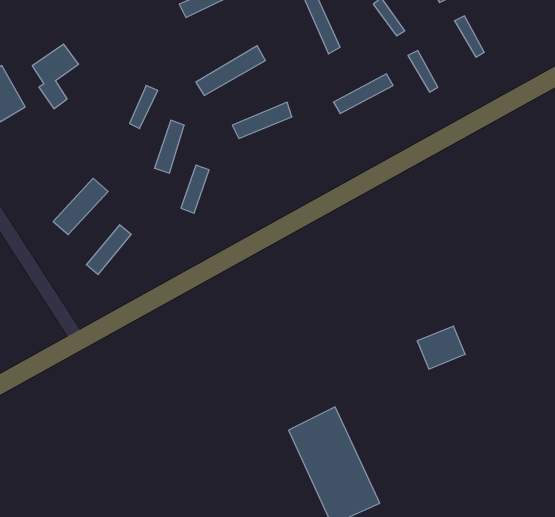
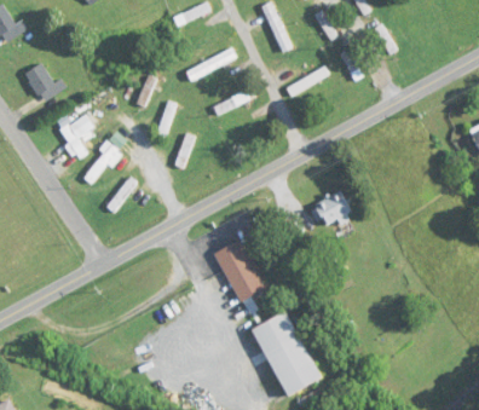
building: [32,44,79,109] -> [60,112,94,160]
building: none -> [214,239,264,300]
building: [417,326,465,369] -> [314,192,350,224]

